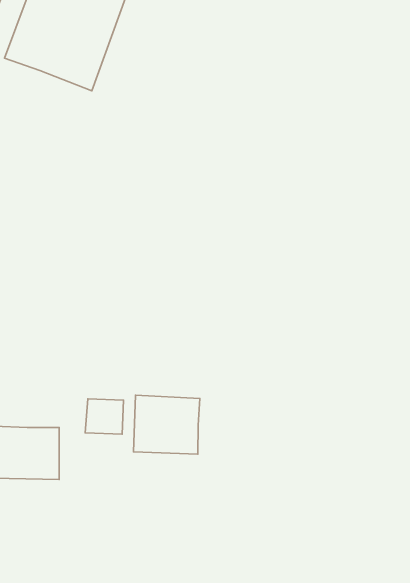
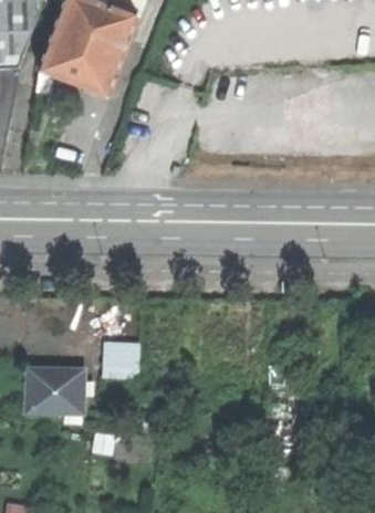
building: [133,395,200,454] -> none

